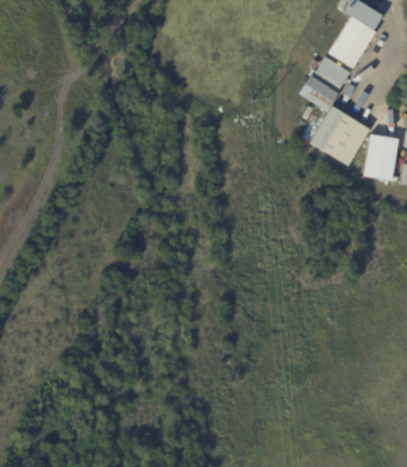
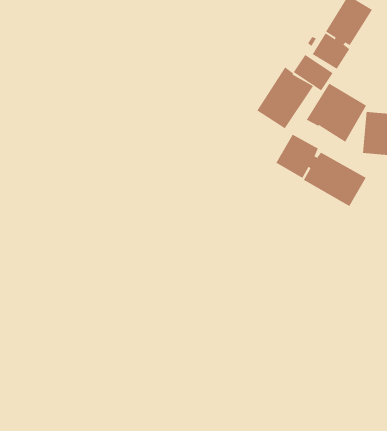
building: none -> [257,67,314,129]
building: none -> [276,134,366,207]

